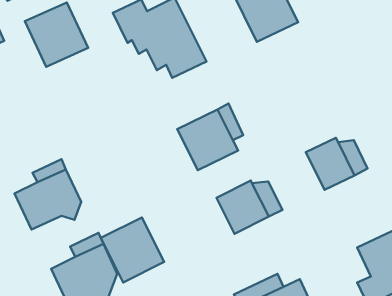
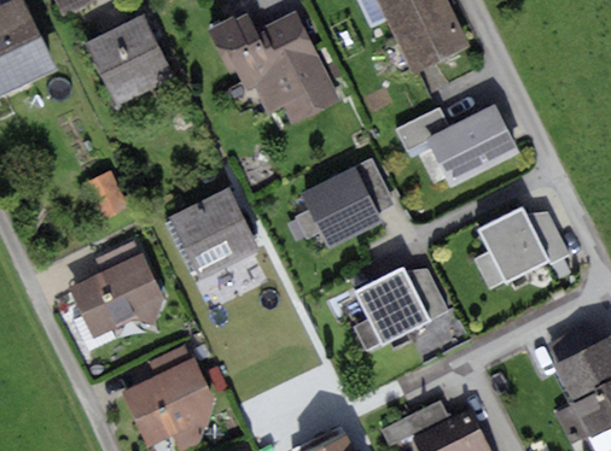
building: none -> [397,110,511,183]
building: none -> [87,172,129,221]
building: [101,217,164,282] -> [169,188,258,280]

